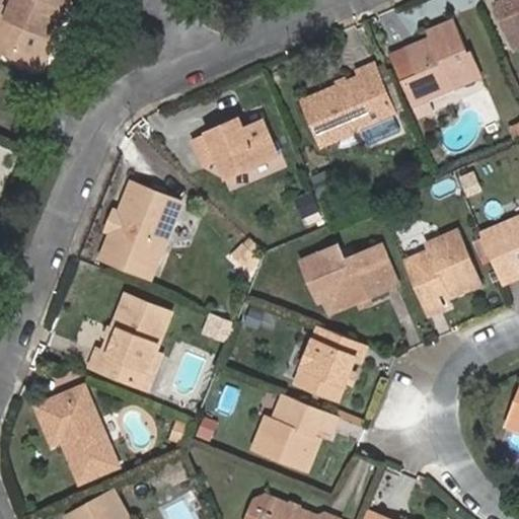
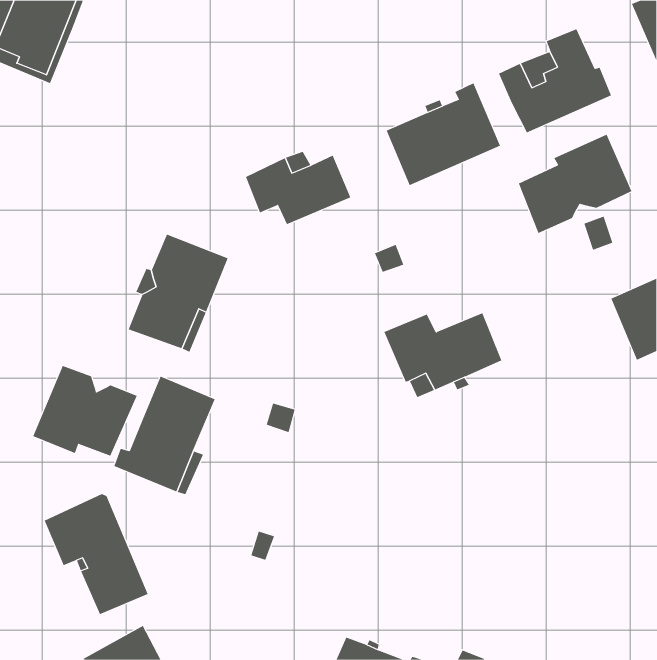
building: none -> [518,134,632,234]
building: [402,232,477,314] -> none
building: none -> [33,365,138,457]
building: [296,325,364,397] -> none
building: [252,392,335,467] -> none

